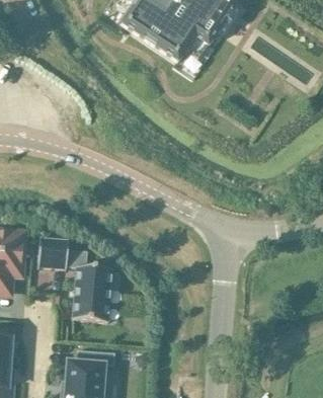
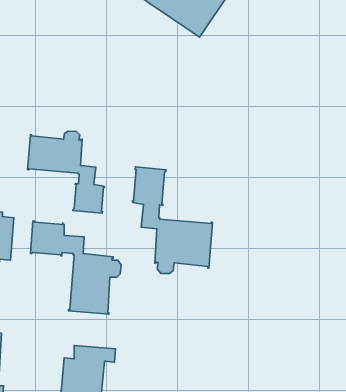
building: none -> [28,131,105,213]
building: none -> [132,167,213,274]

